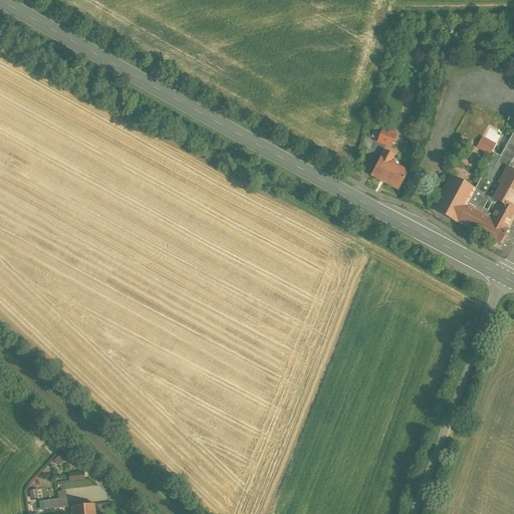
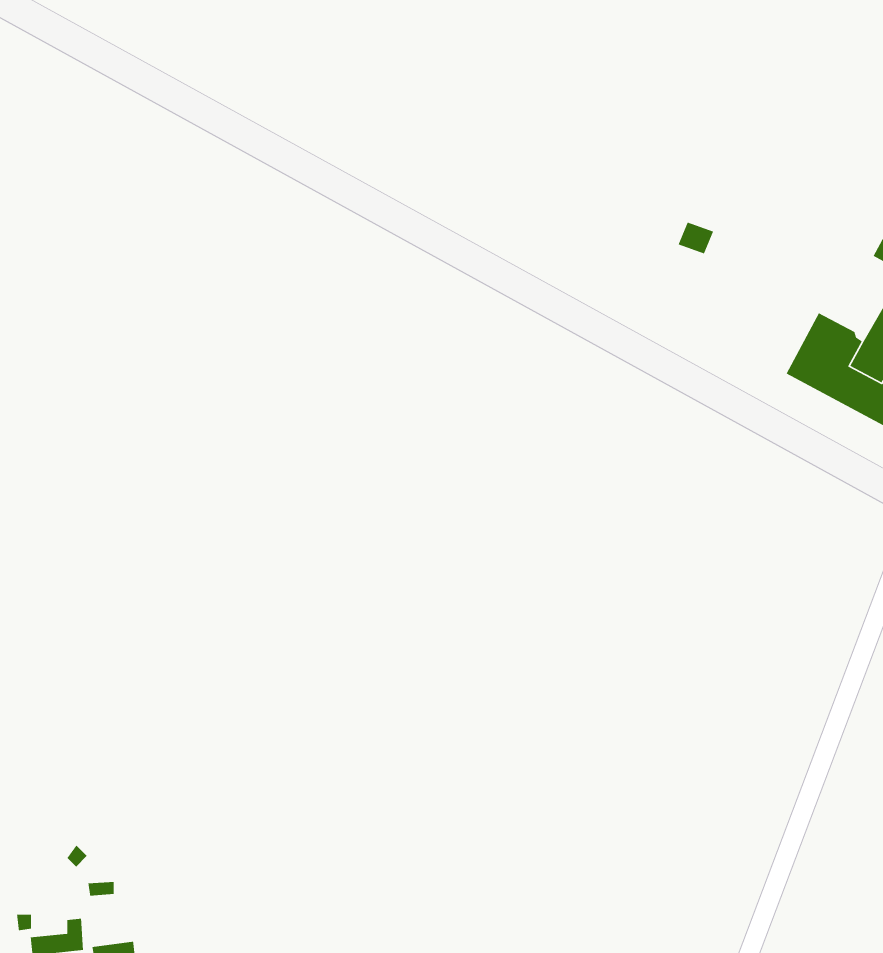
building: [372,149,410,188] -> none

